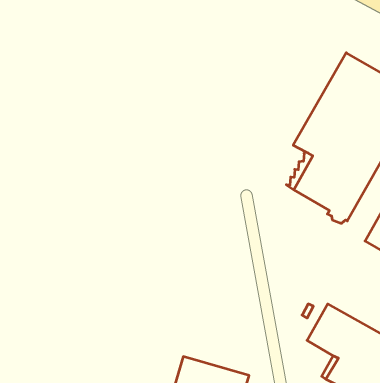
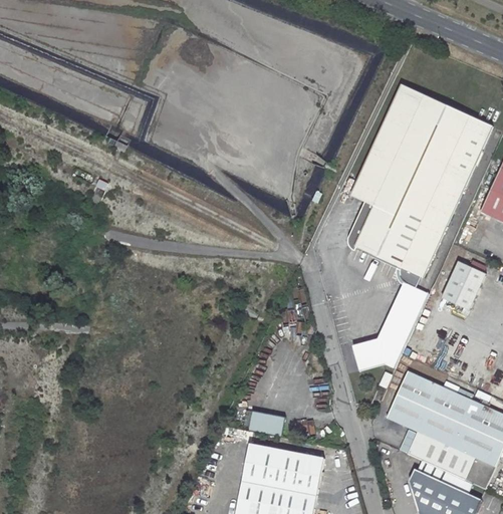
building: none -> [352,281,426,370]
building: none -> [250,410,285,435]

